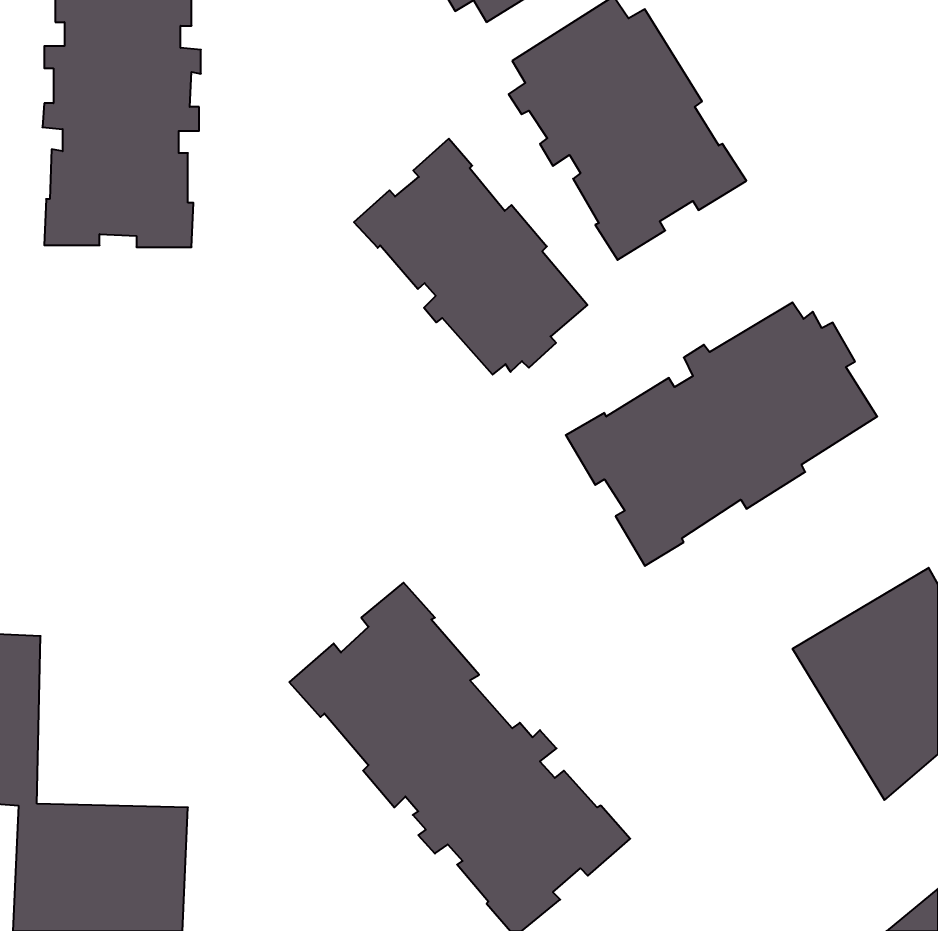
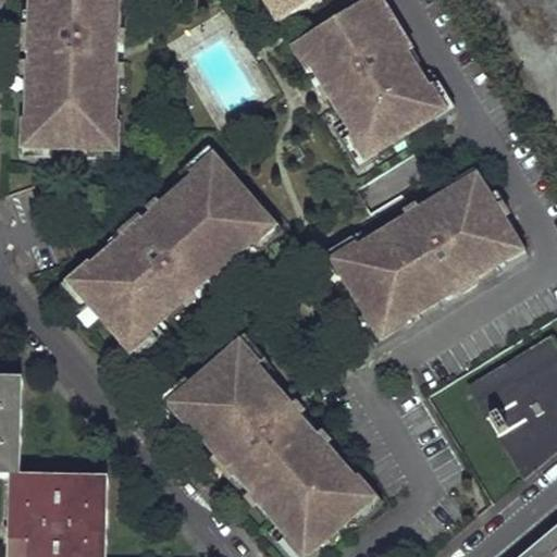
building: [354,139,587,375] -> none
building: none -> [75,157,271,343]

